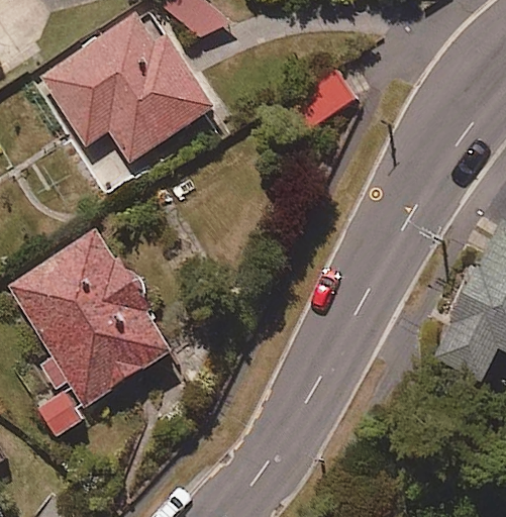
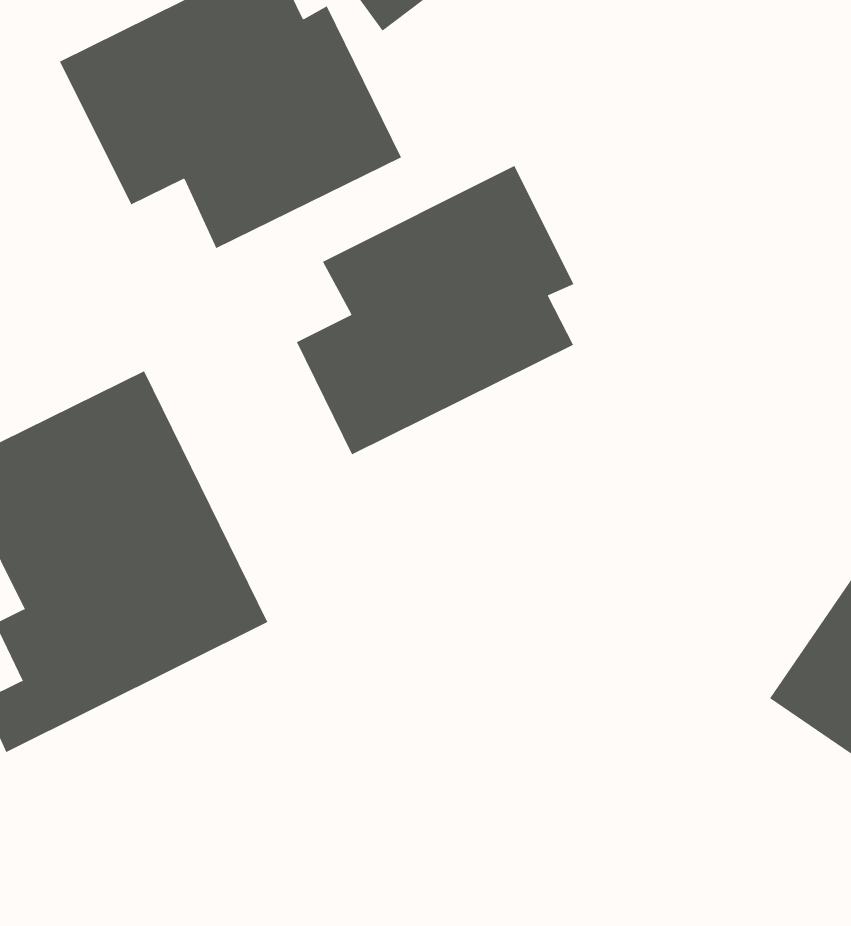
building: none -> [296,165,574,455]

